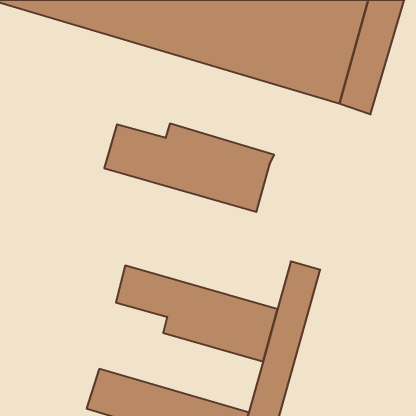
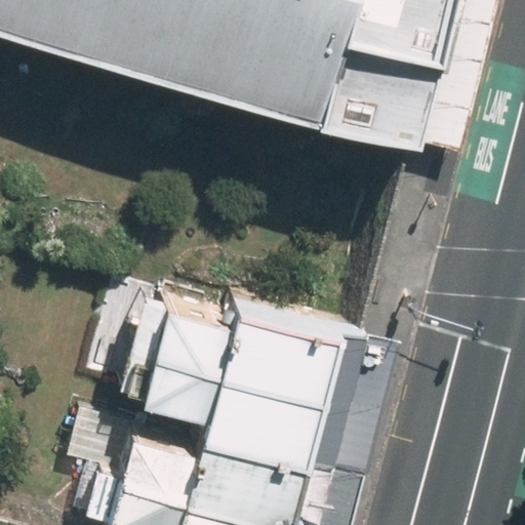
building: [104,124,274,212] -> [153,286,360,394]
building: none -> [121,418,321,520]

